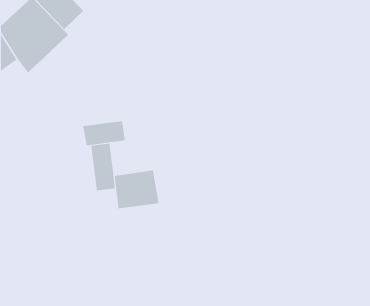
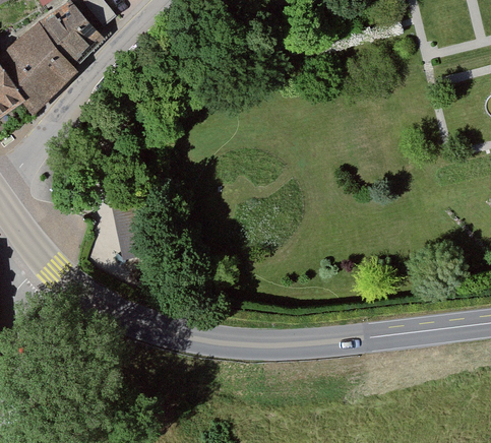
building: [83,120,125,146] -> none
building: [114,170,159,209] -> none

